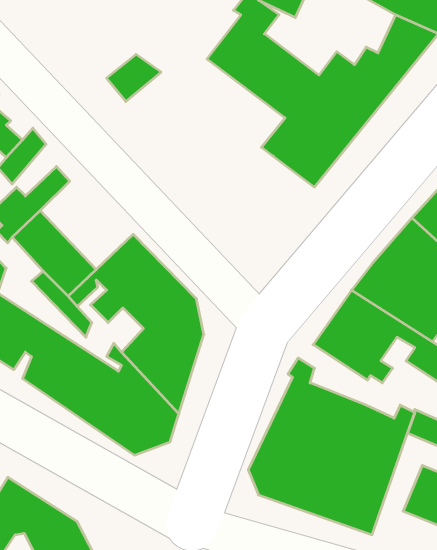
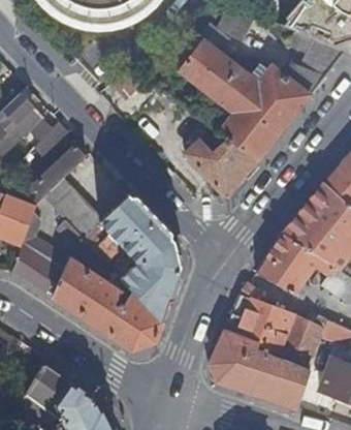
building: none -> [185,141,256,196]

